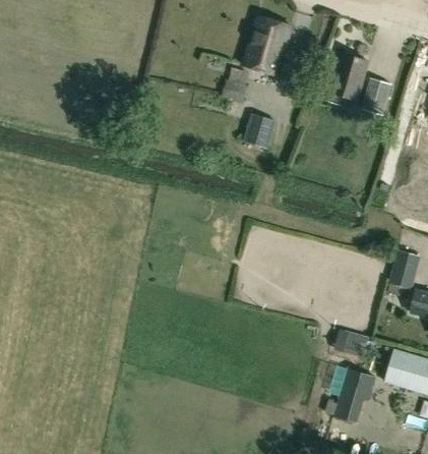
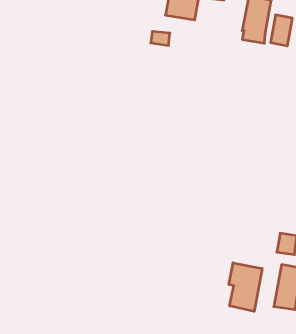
building: [242,114,276,150] -> none
building: none -> [229,263,262,311]

